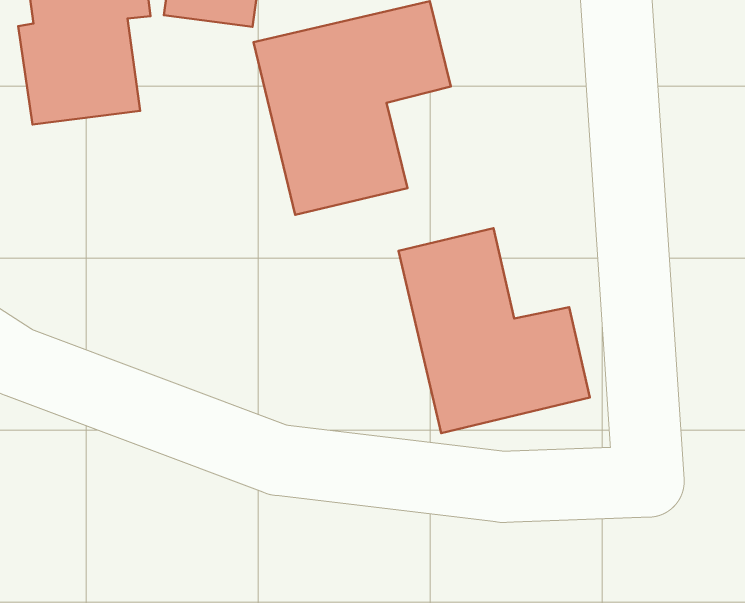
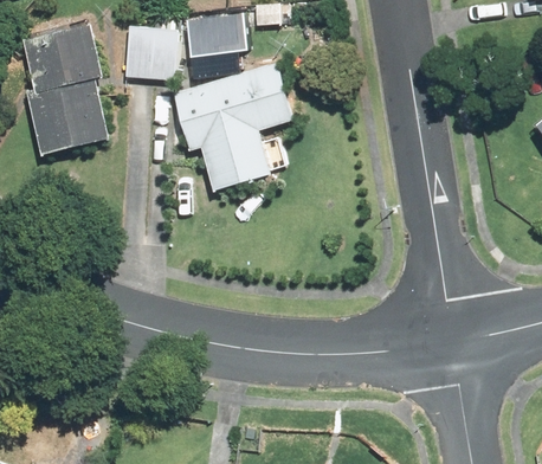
building: [398,228,590,433] -> none

